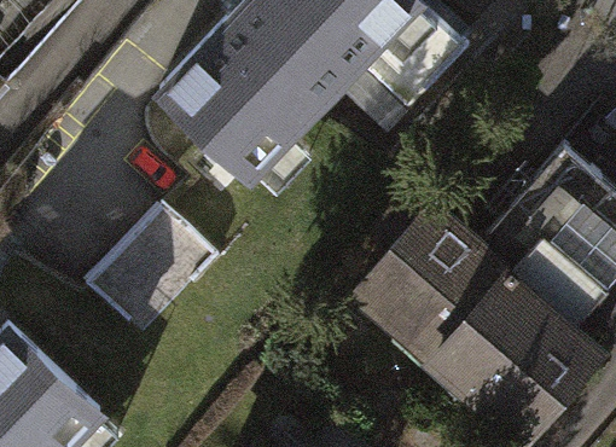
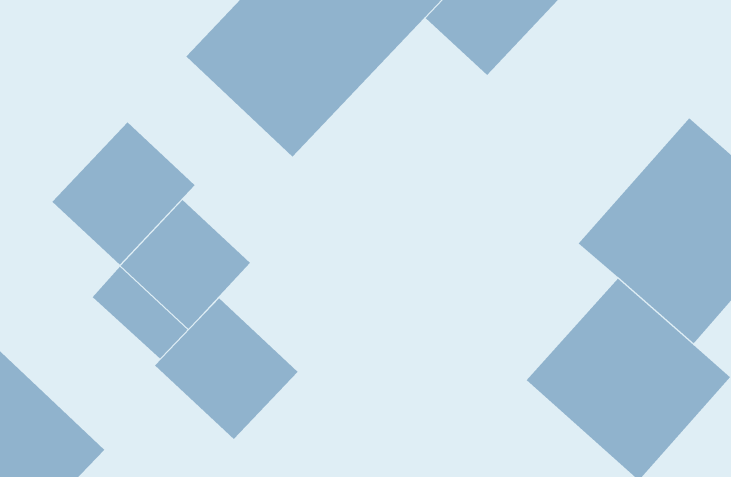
building: none -> [52,122,196,266]
building: [359,205,510,355] -> none
building: none -> [154,297,299,440]

